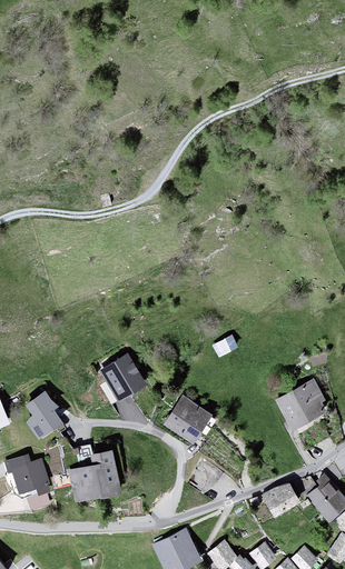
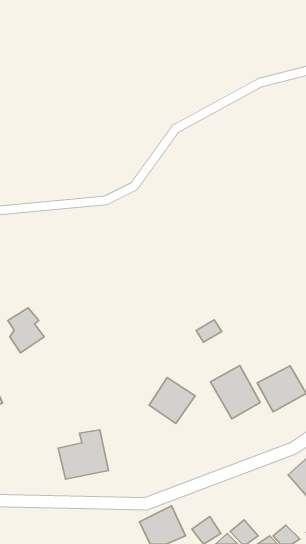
building: [99,352,147,400] -> none
building: none -> [211,366,260,419]
building: [24,391,62,438] -> [8,308,44,353]
building: [12,457,52,492] -> none
building: [263,482,300,517] -> none

